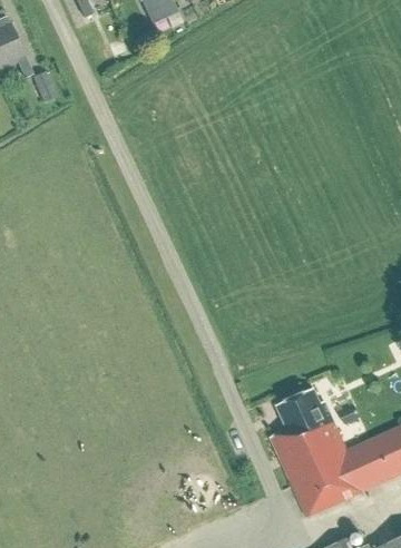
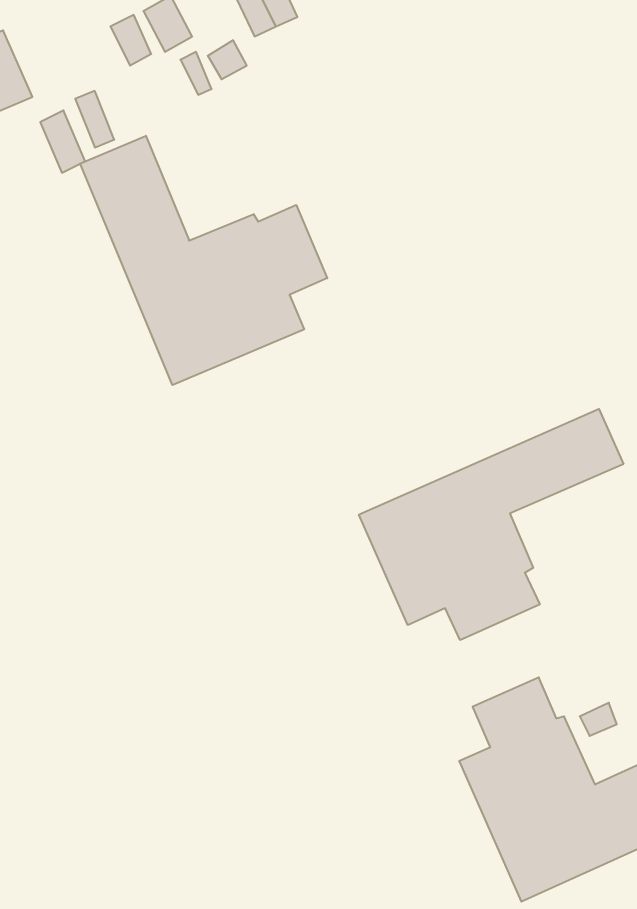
building: none -> [80,136,327,385]
building: none -> [359,409,623,640]

